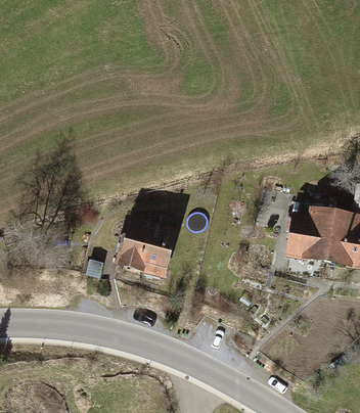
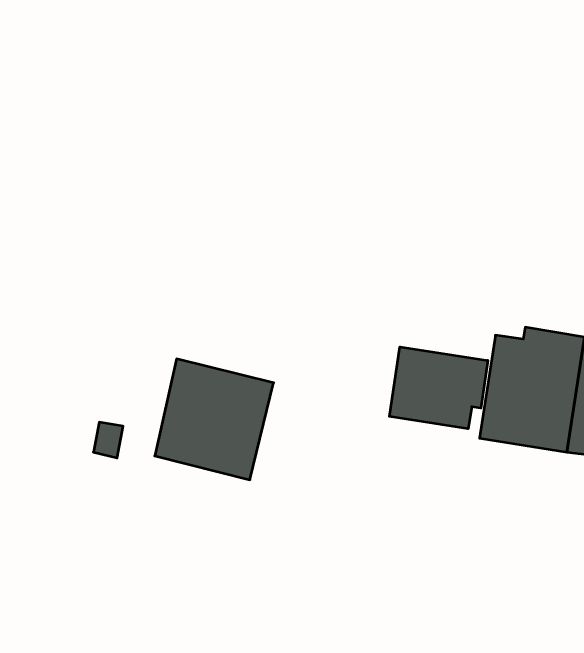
building: none -> [389,347,488,429]

